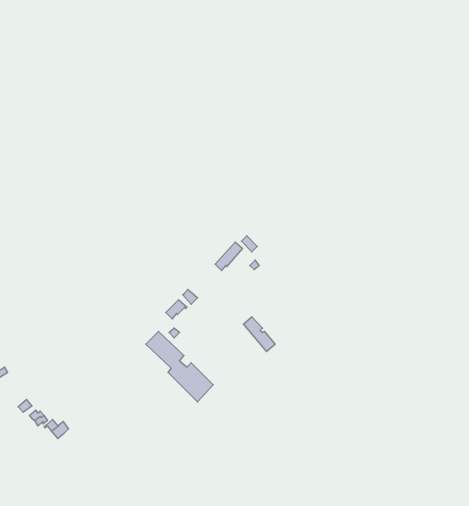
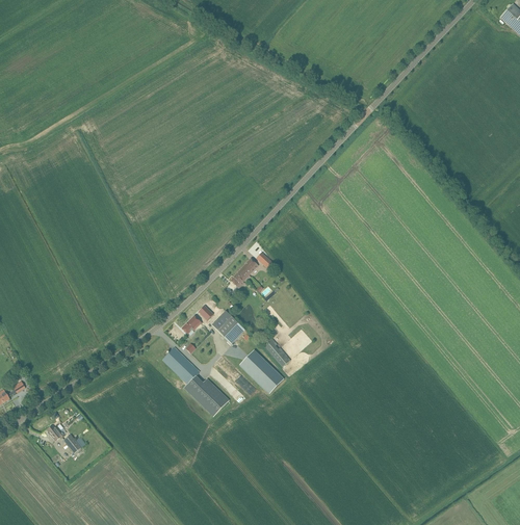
building: none -> [212,310,244,343]
building: none -> [240,350,286,394]

